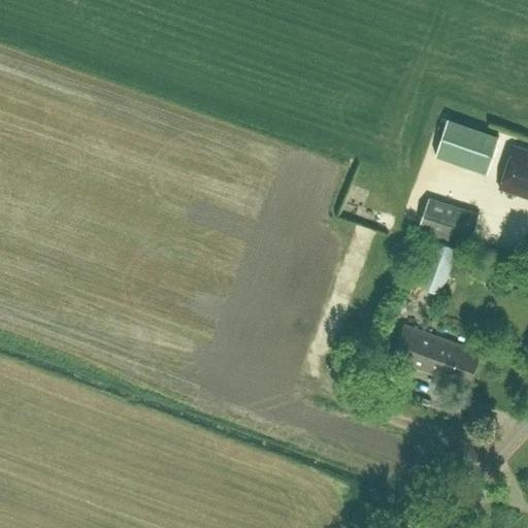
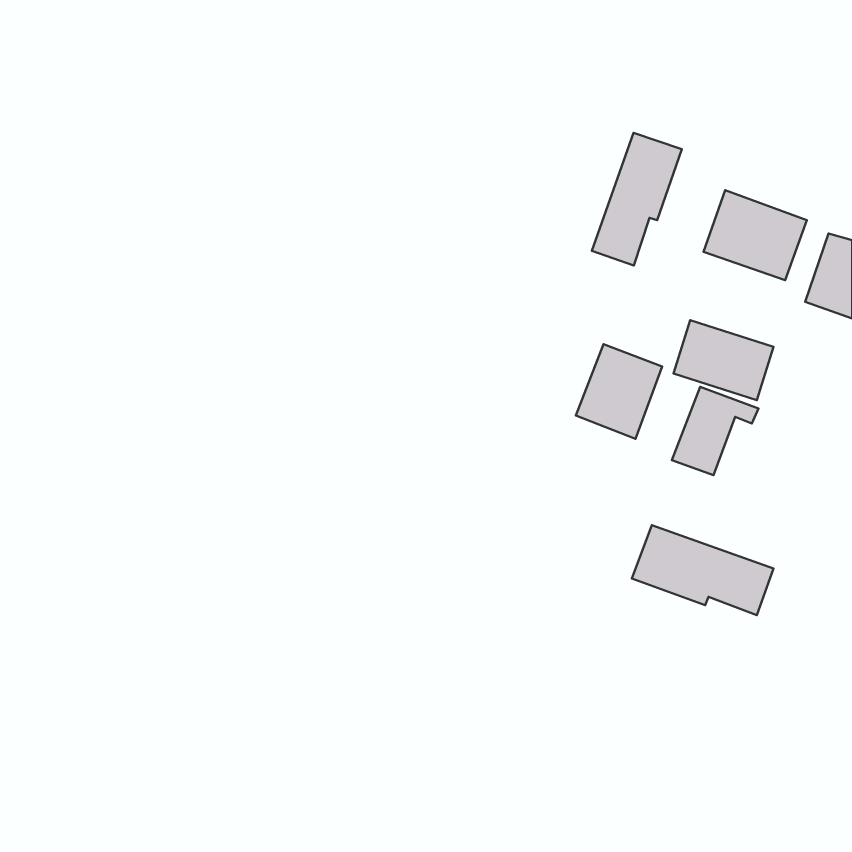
building: none -> [592,133,682,265]
building: none -> [576,344,662,439]

